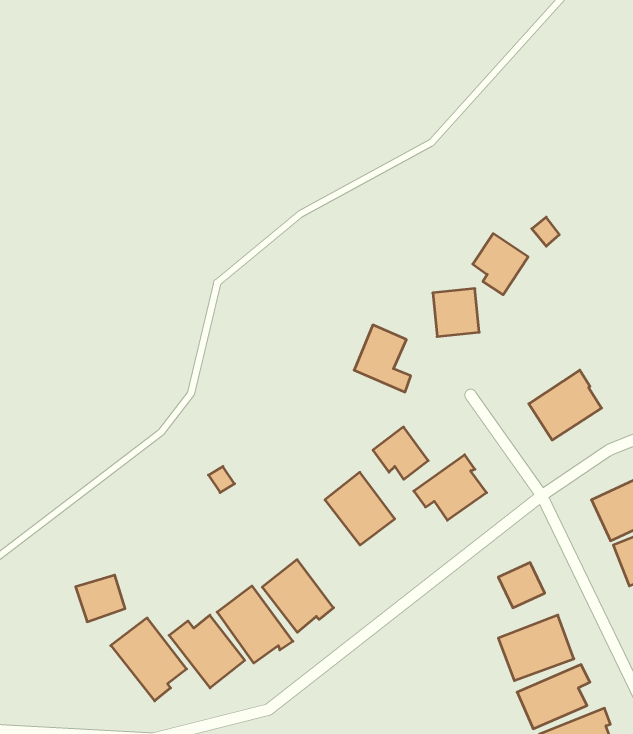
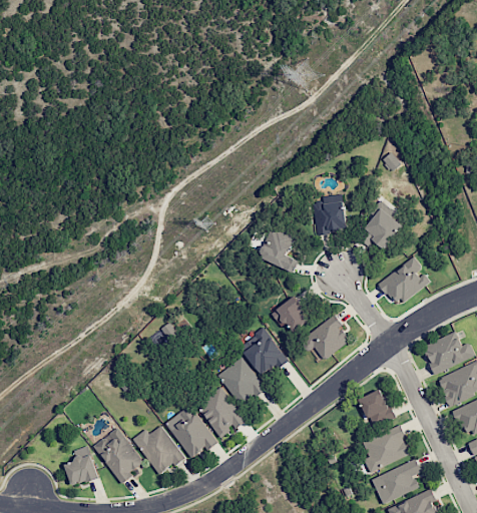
building: [473,234,528,295] -> [364,207,402,249]
building: none -> [216,356,265,406]
building: [76,575,125,622] -> [63,454,97,486]

